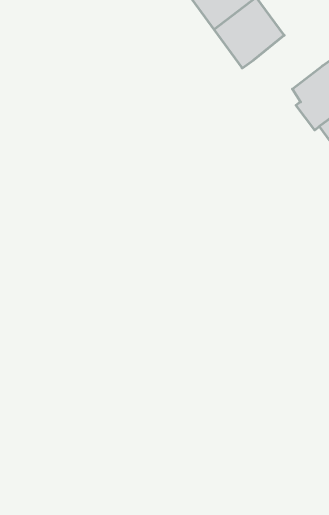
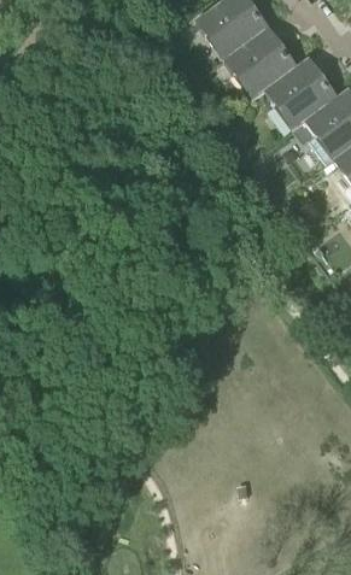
building: none -> [265,58,337,130]

